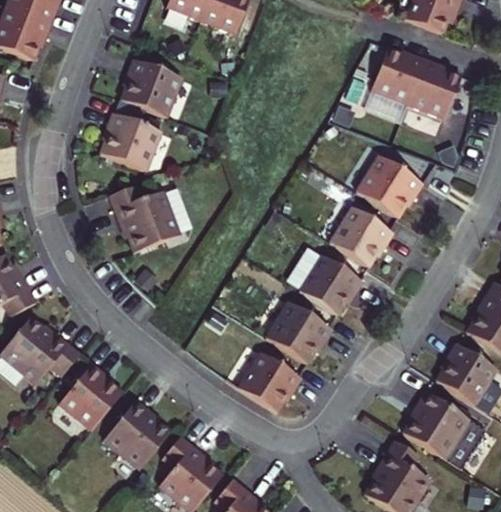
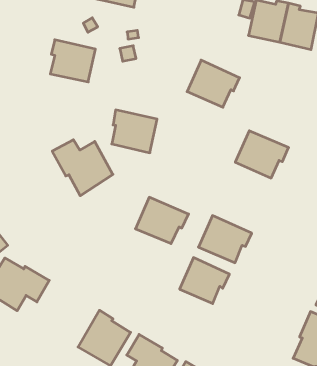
building: [100,112,160,171] -> [112,110,157,153]
building: [360,158,427,220] -> [187,60,240,107]
building: [300,256,368,317] -> [135,197,189,244]
building: [58,363,122,431] -> none

